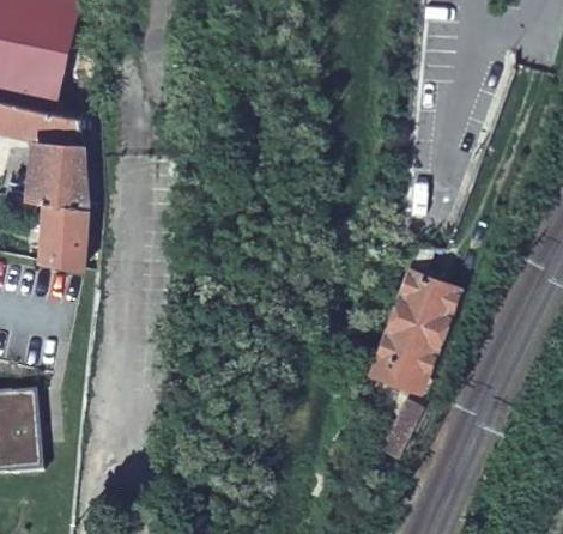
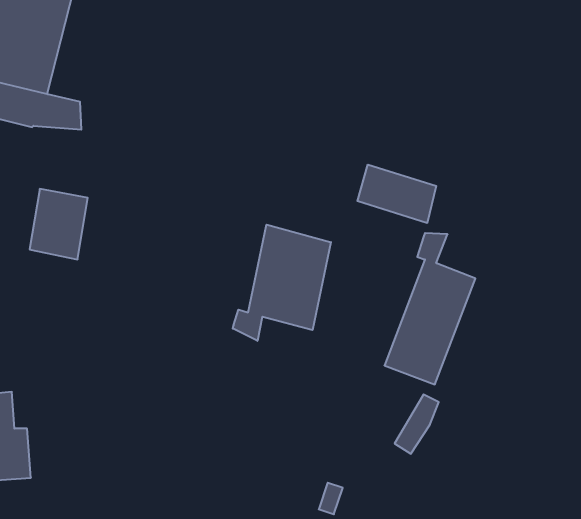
building: [26,142,90,211] -> none
building: none -> [357,165,436,223]
building: none -> [233,225,331,341]

